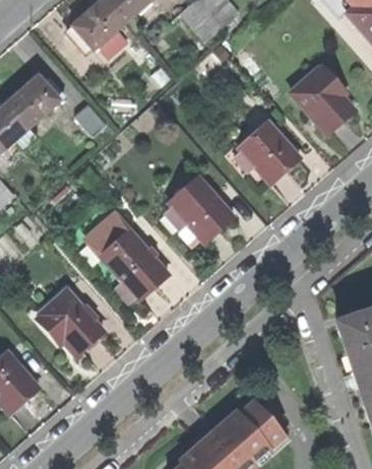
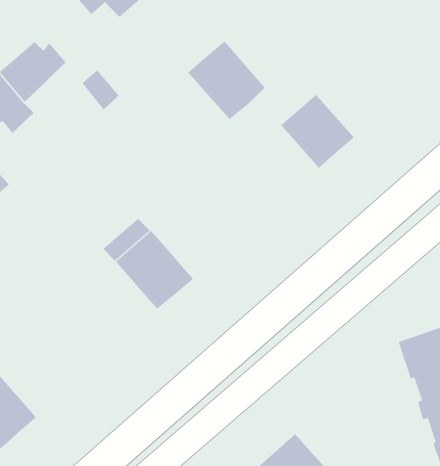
building: [291,69,347,132] -> none
building: [169,176,233,241] -> [188,40,265,120]
building: [40,288,102,348] -> none

